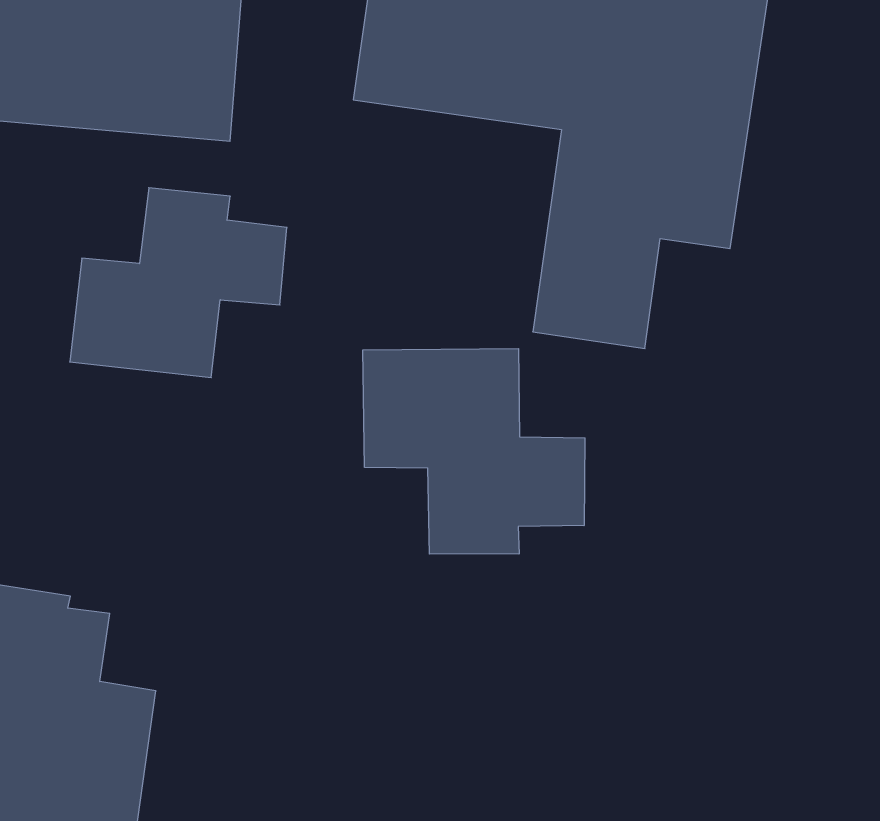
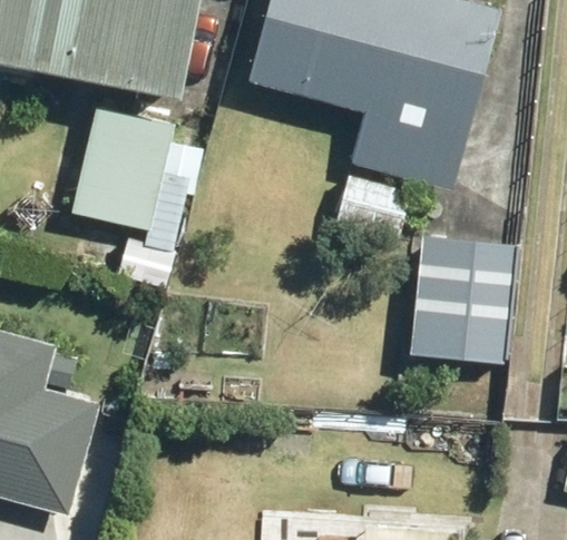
building: none -> [409,236,515,364]
building: [363,349,585,554] -> none

